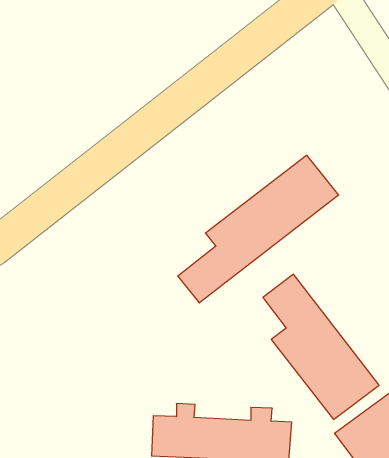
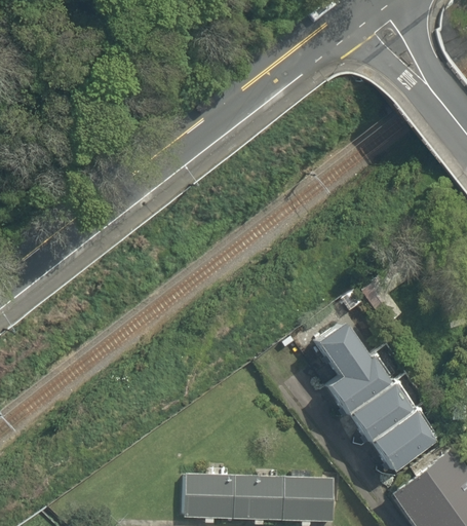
building: [178,155,339,303] -> none

